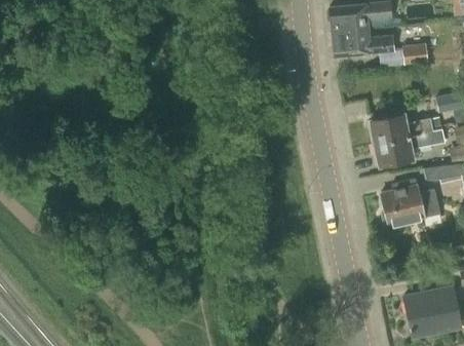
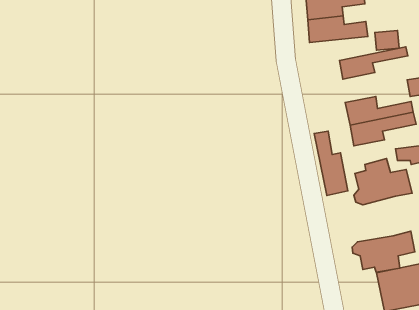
building: none -> [339,47,408,79]
building: none -> [314,131,348,195]
building: none -> [352,231,415,272]

